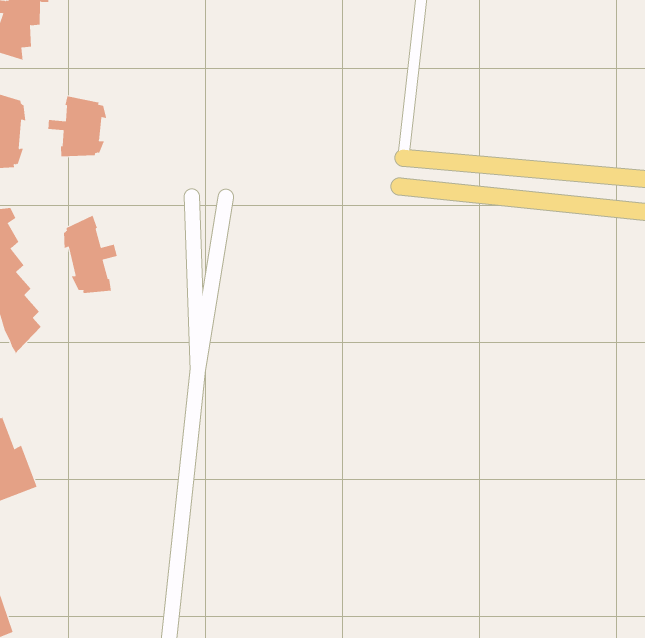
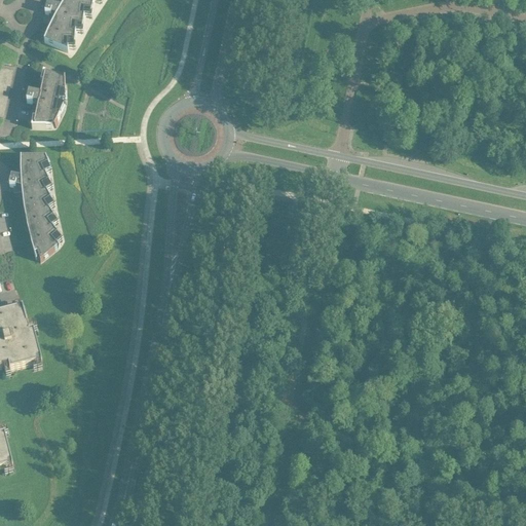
building: [48,95,107,157] -> none
building: [63,215,117,294] -> none

